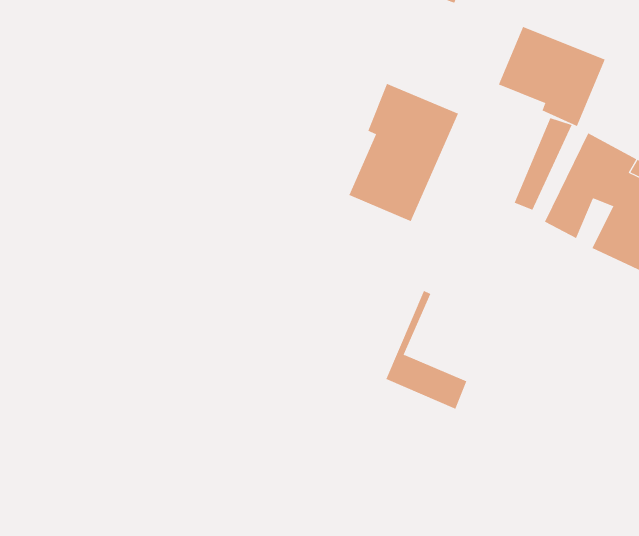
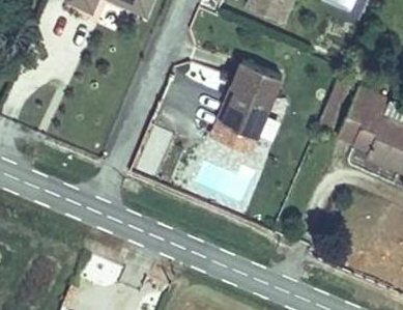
building: [498,26,606,127] -> none
building: [386,290,467,410] -> [214,87,259,152]

